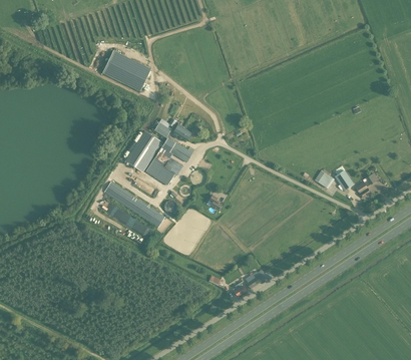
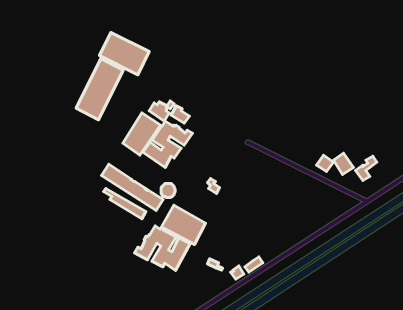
building: none -> [76,58,123,120]
building: none -> [134,205,205,270]

